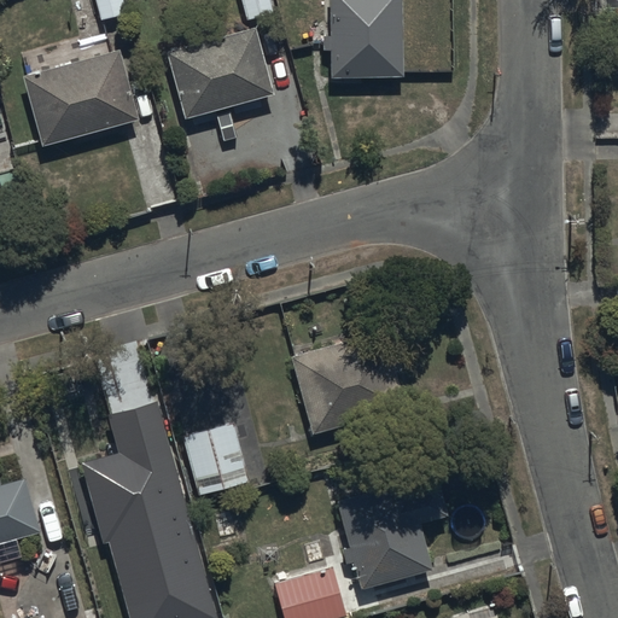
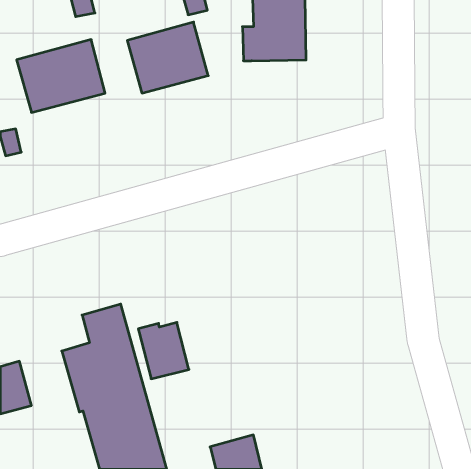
building: [292,330,402,433] -> none
building: [338,484,445,588] -> none

